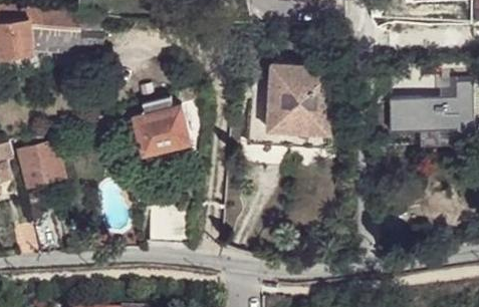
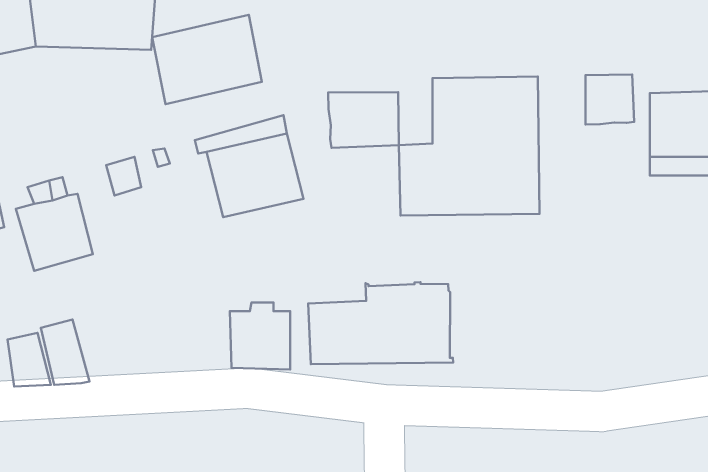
building: none -> [152,15,262,104]
building: none -> [585,75,634,125]
building: none -> [328,92,399,148]
building: none -> [308,282,453,364]

